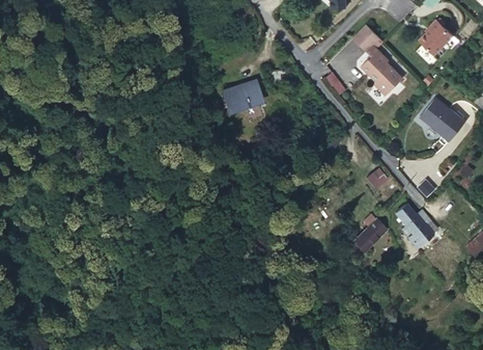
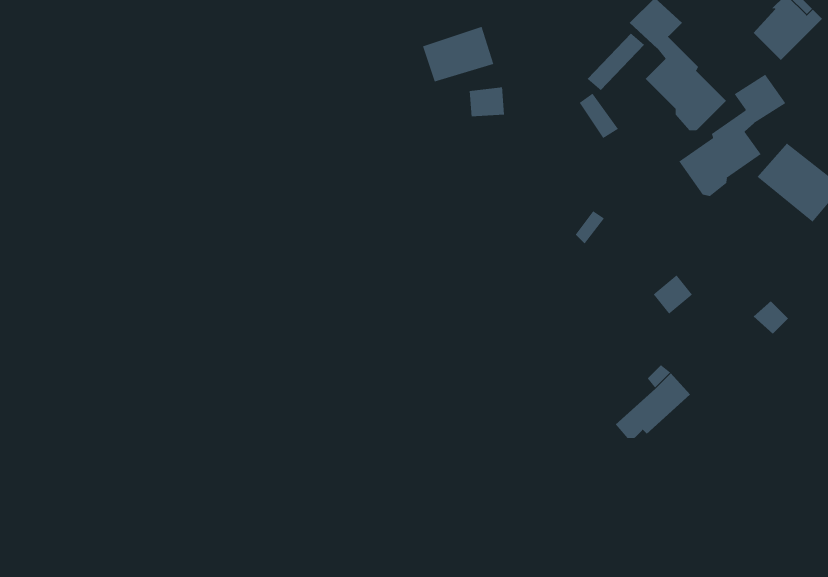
building: none -> [678,74,786,197]
building: [223,81,260,110] -> [422,26,494,82]
building: [395,205,437,247] -> none

